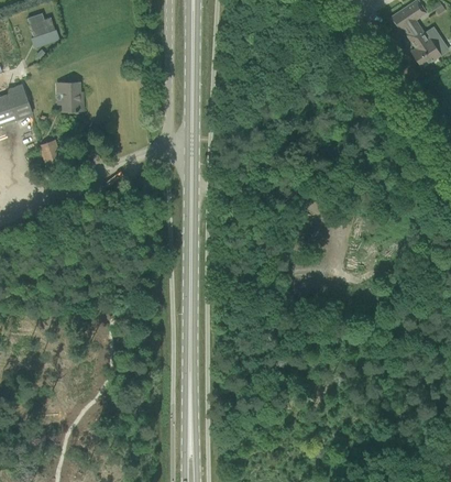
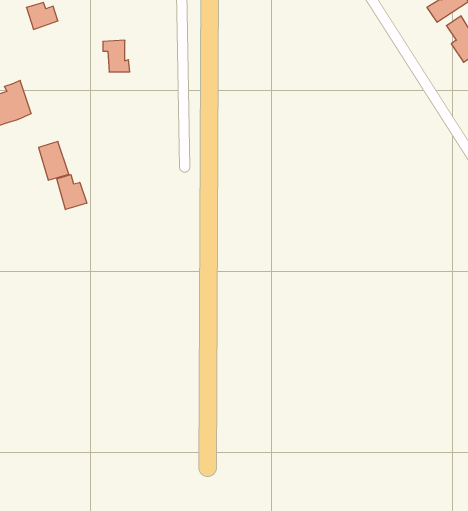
building: [58,80,83,109] -> [103,40,130,72]
building: none -> [57,175,87,210]

